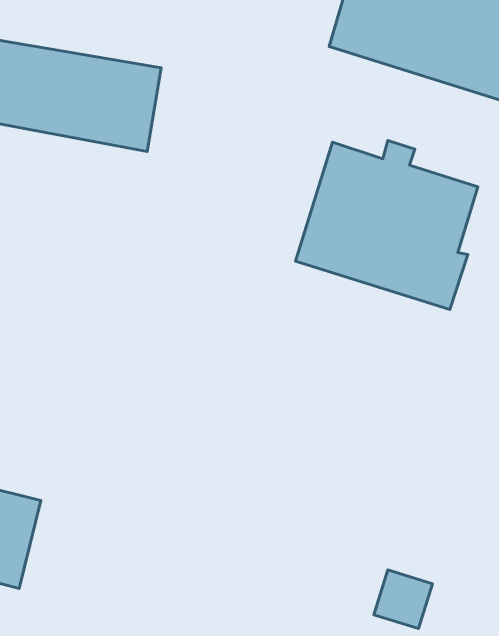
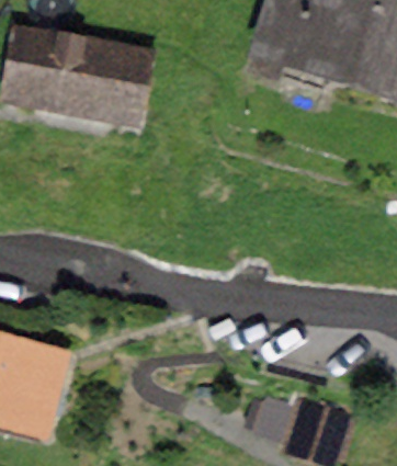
building: [295,140,478,309] -> none

